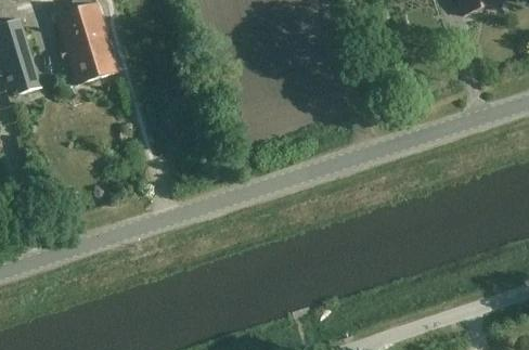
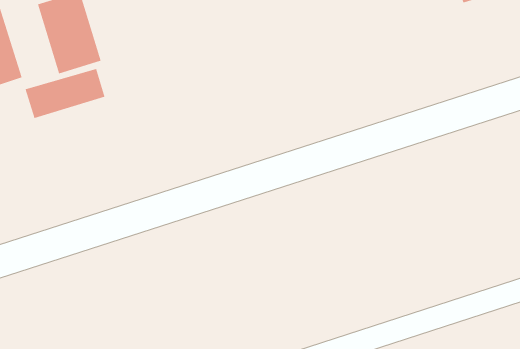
building: none -> [25,68,105,119]

